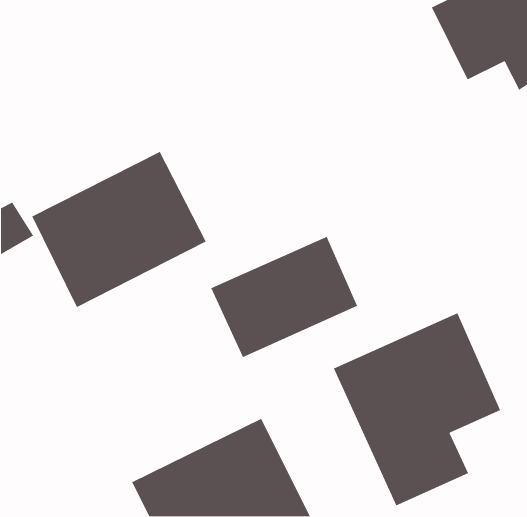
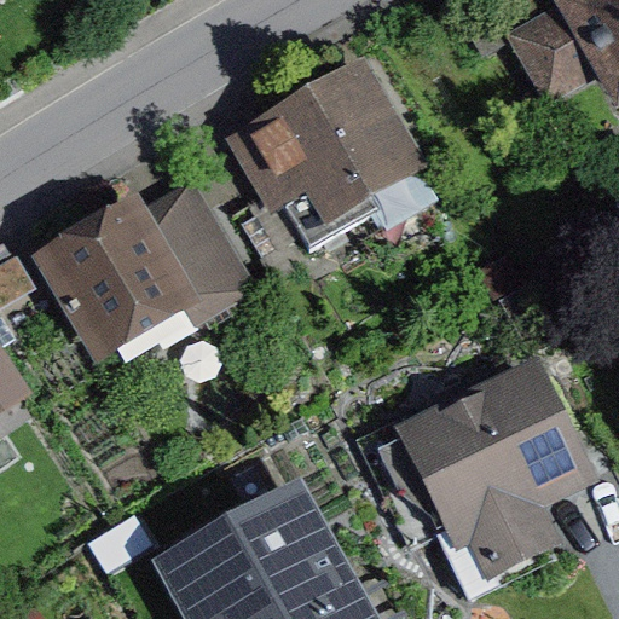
building: none -> [236,62,421,214]
building: [210,236,358,358] -> none

